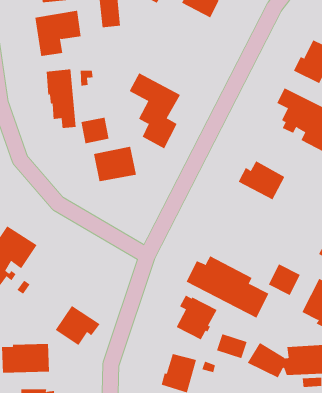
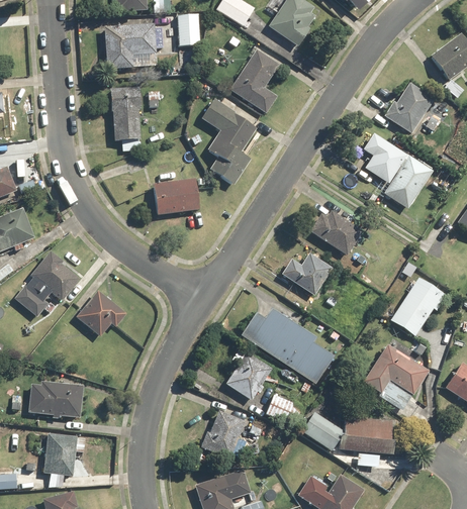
building: none -> [230,49,279,114]
building: [81,117,109,144] -> none
building: none -> [283,252,332,294]
building: [268,264,301,296] -> none
building: [55,305,100,346] -> [77,291,127,336]

